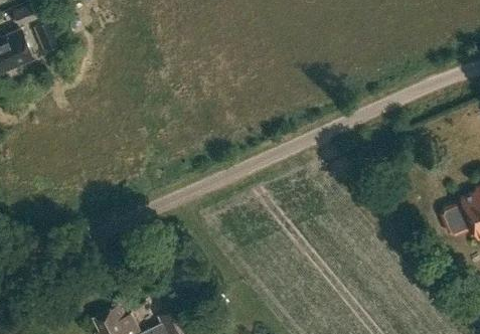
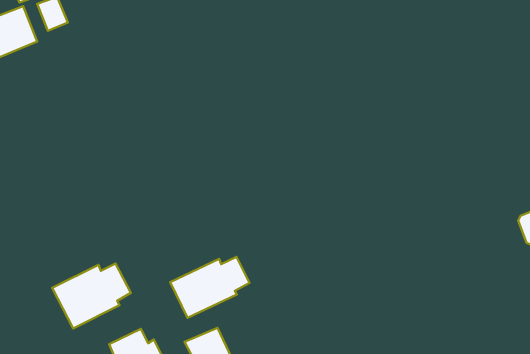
building: none -> [170,257,249,318]
building: none -> [52,263,131,328]

